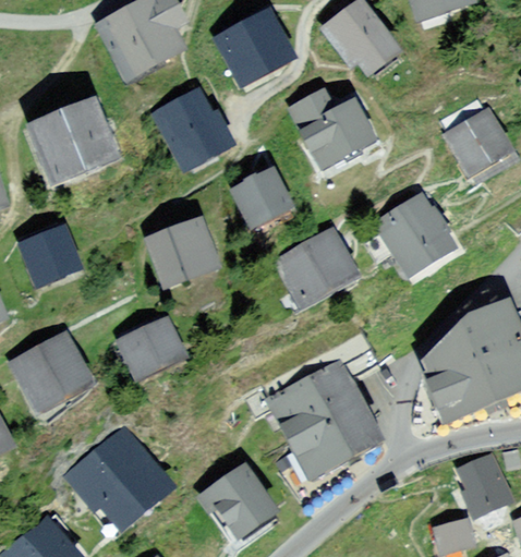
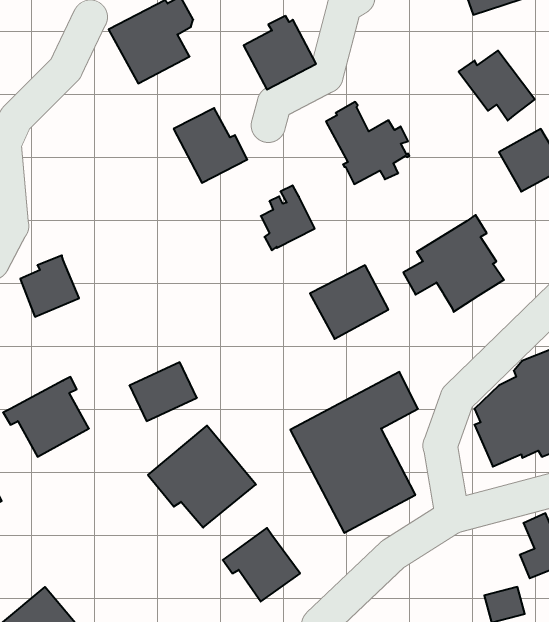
building: [326,9,393,71] -> [459,51,535,121]
building: [28,105,111,180] -> none
building: [152,225,213,277] -> none
building: [71,433,167,523] -> [148,426,256,528]

